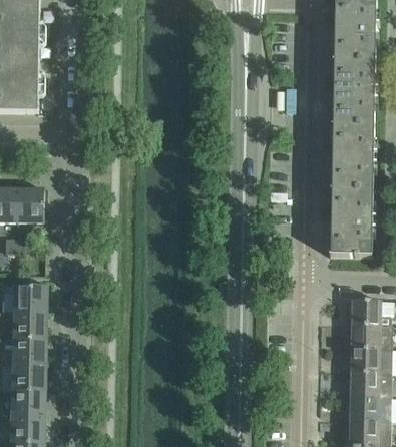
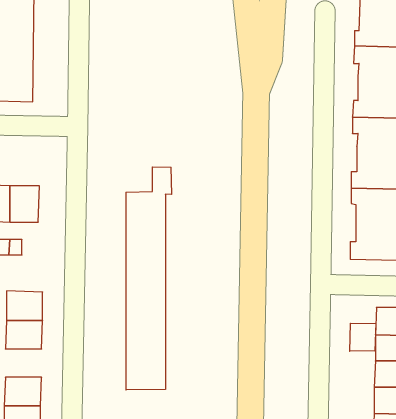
building: none -> [126,167,172,390]
building: none -> [350,323,376,351]
building: [12,338,45,364] -> none

